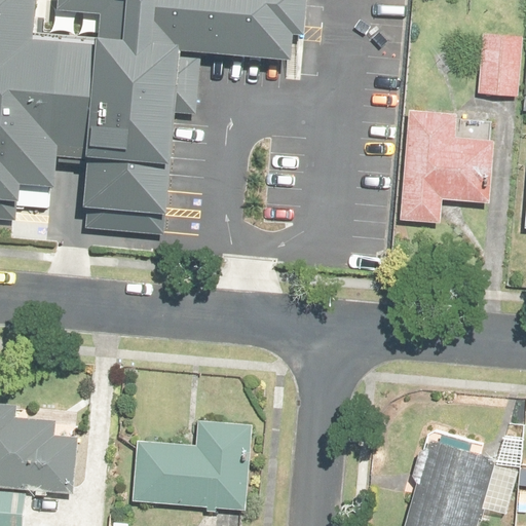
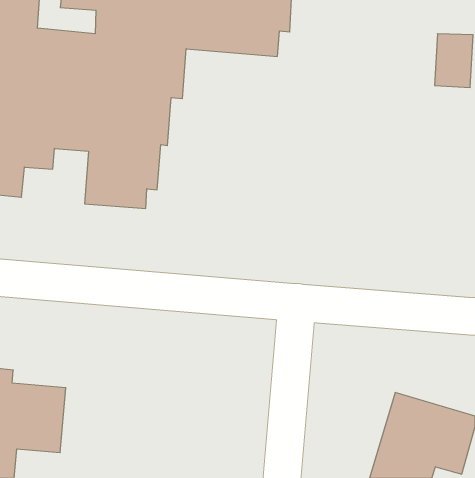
building: [399,111,487,223] -> none
building: [130,421,249,510] -> none

